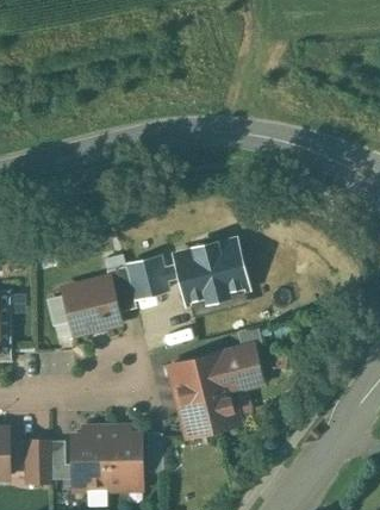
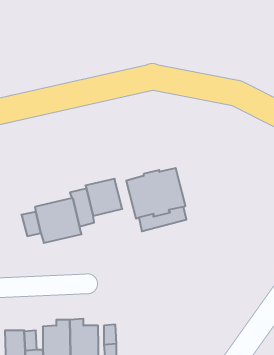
building: [169,344,262,436] -> none

